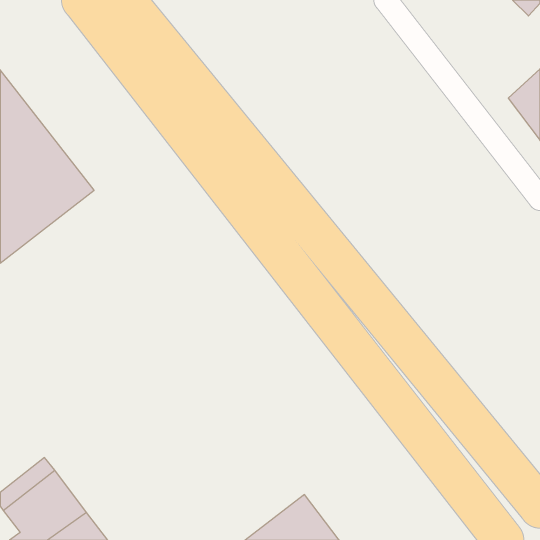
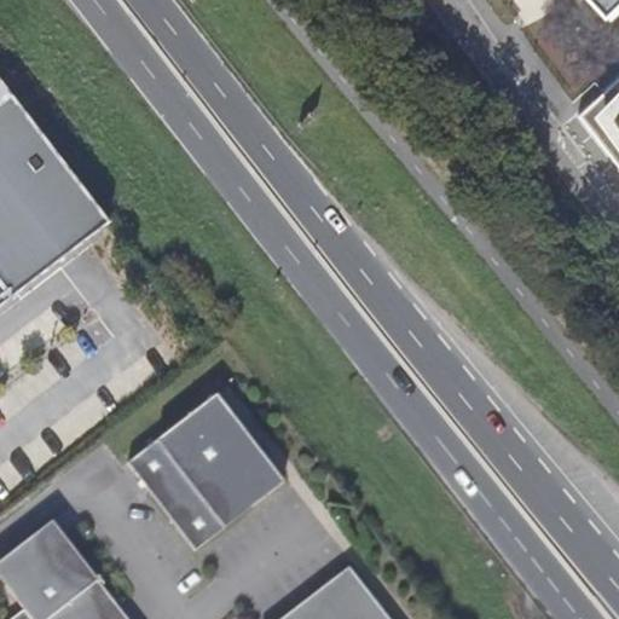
building: none -> [128,394,283,550]

